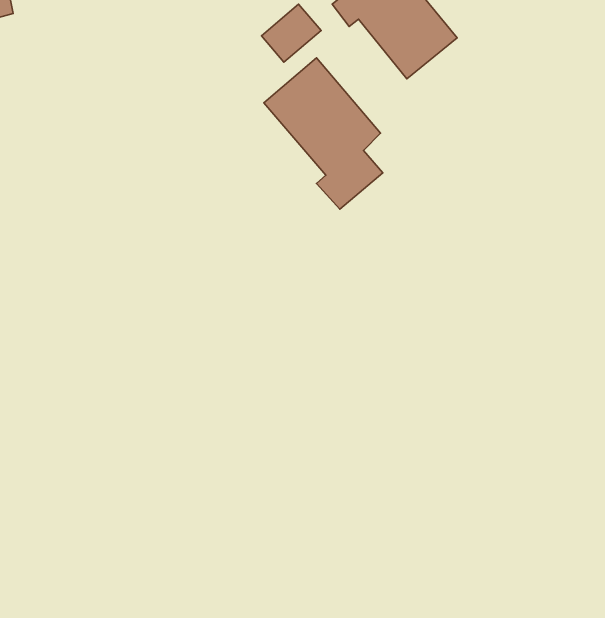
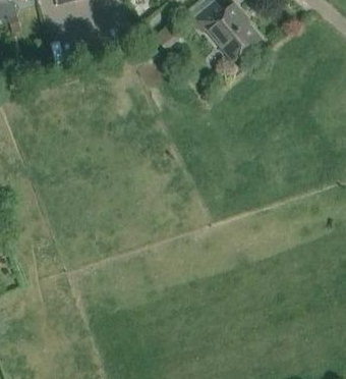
building: [264,58,383,209] -> none

